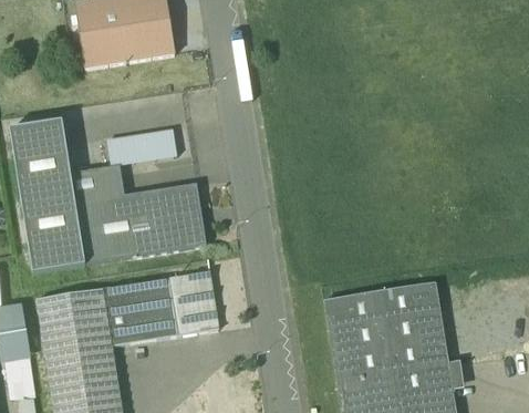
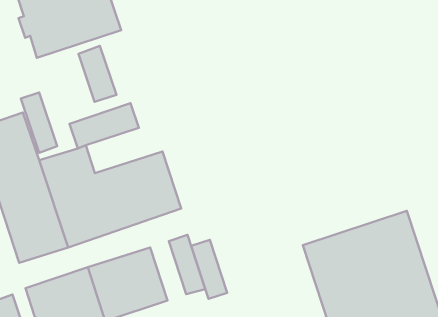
building: none -> [79,46,116,102]
building: none -> [21,92,57,153]
building: [169,275,198,334] -> [191,240,227,299]

